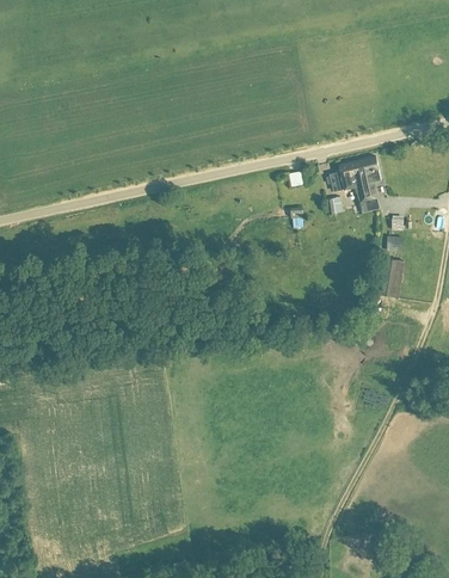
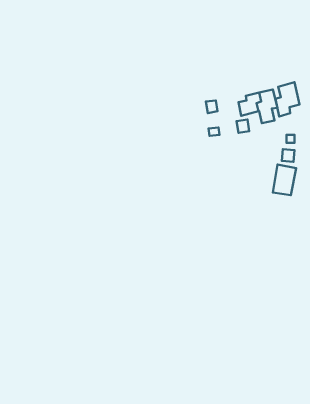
building: none -> [275,82,299,116]

